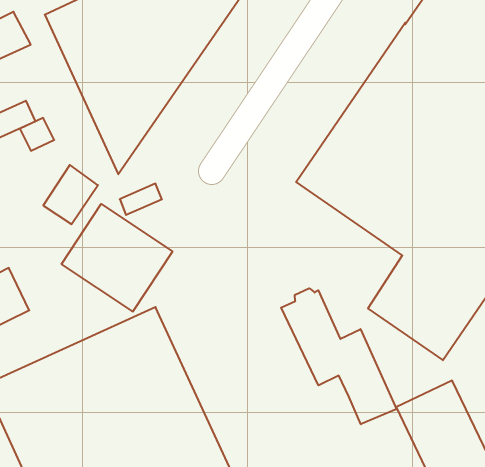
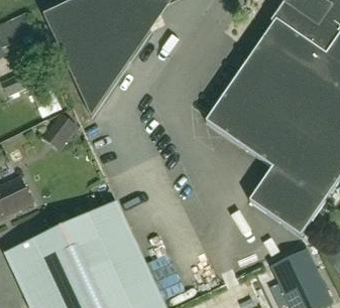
building: [62,204,172,312] -> none
building: [281,288,396,424] -> none

